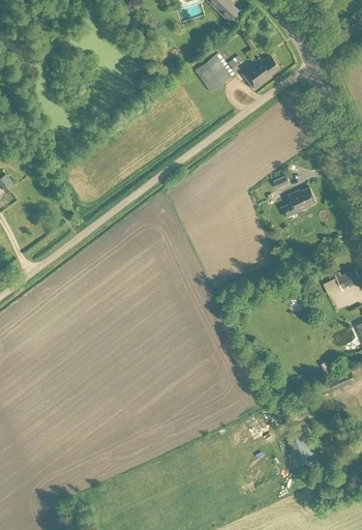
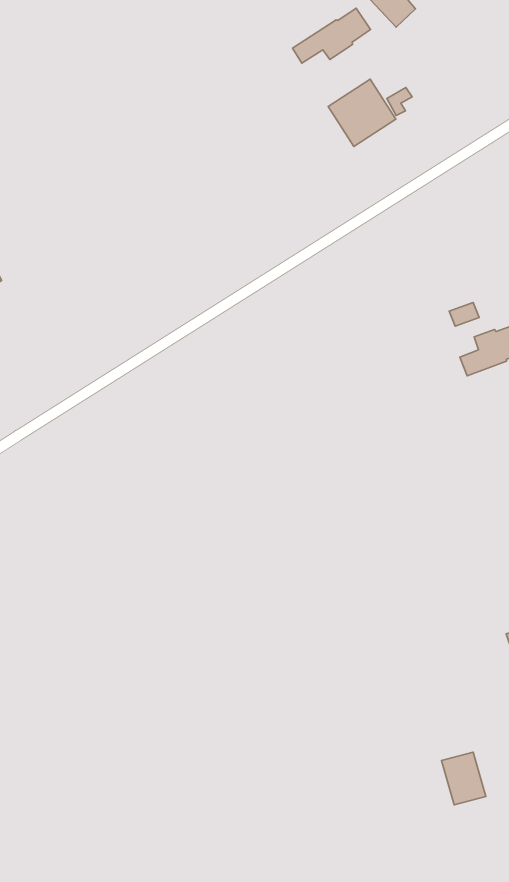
building: none -> [293,8,370,63]
building: [240,55,278,91] -> none

